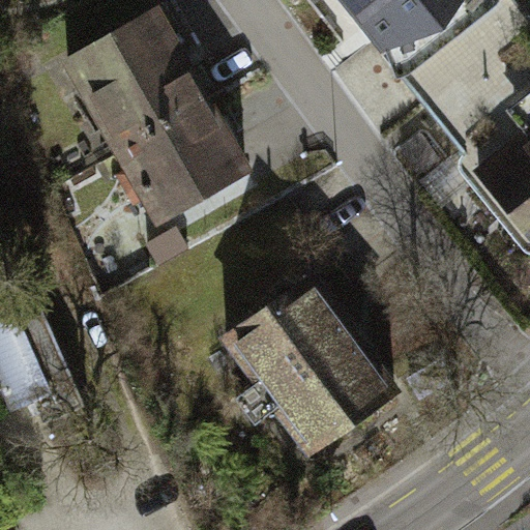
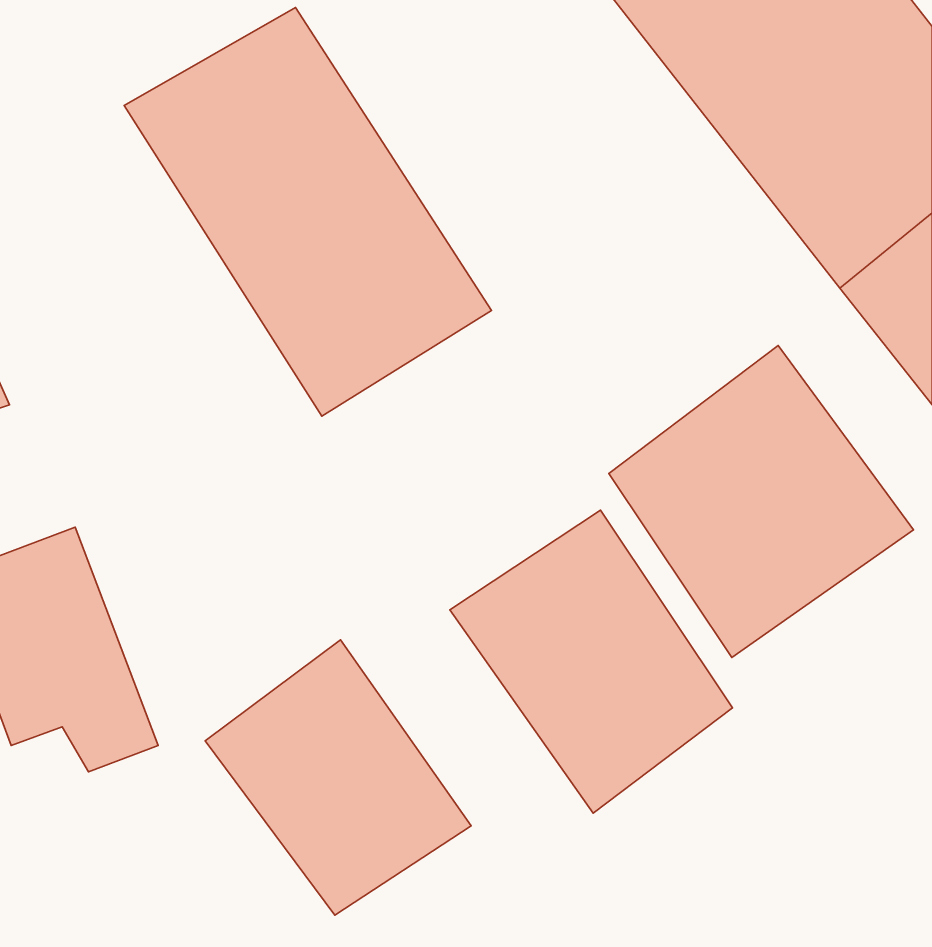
building: none -> [609,345,913,658]
building: none -> [205,640,471,915]

